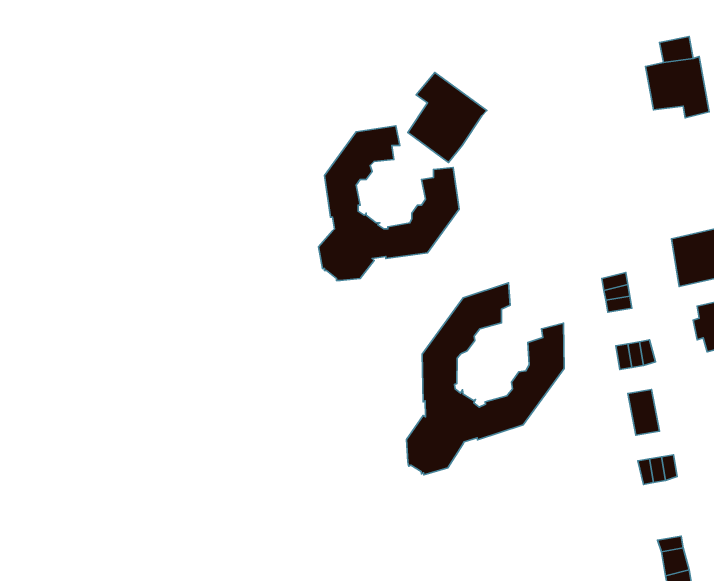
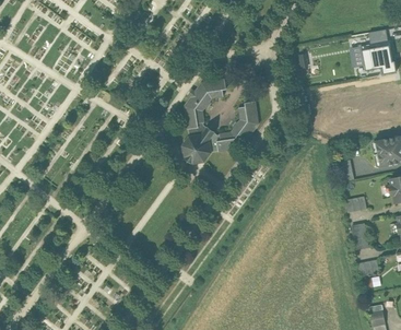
building: [408,73,487,162] -> none
building: [407,283,564,475] -> none

